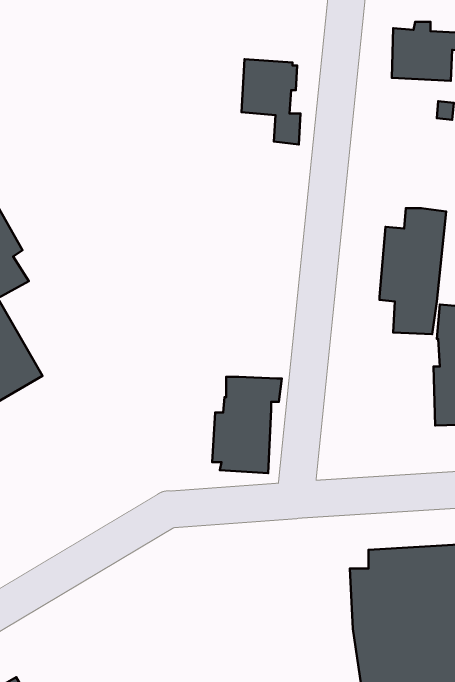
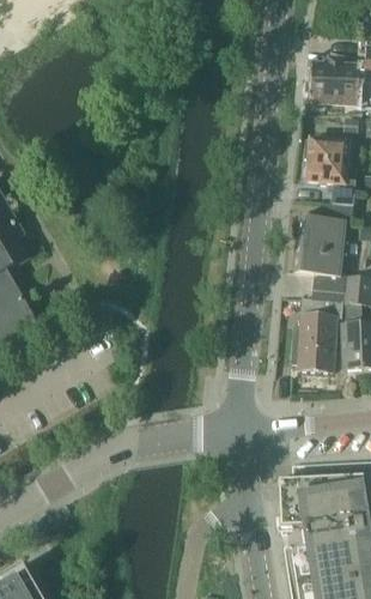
building: [241,59,300,145] -> [308,139,353,205]
building: [212,377,282,473] -> [291,298,345,373]

